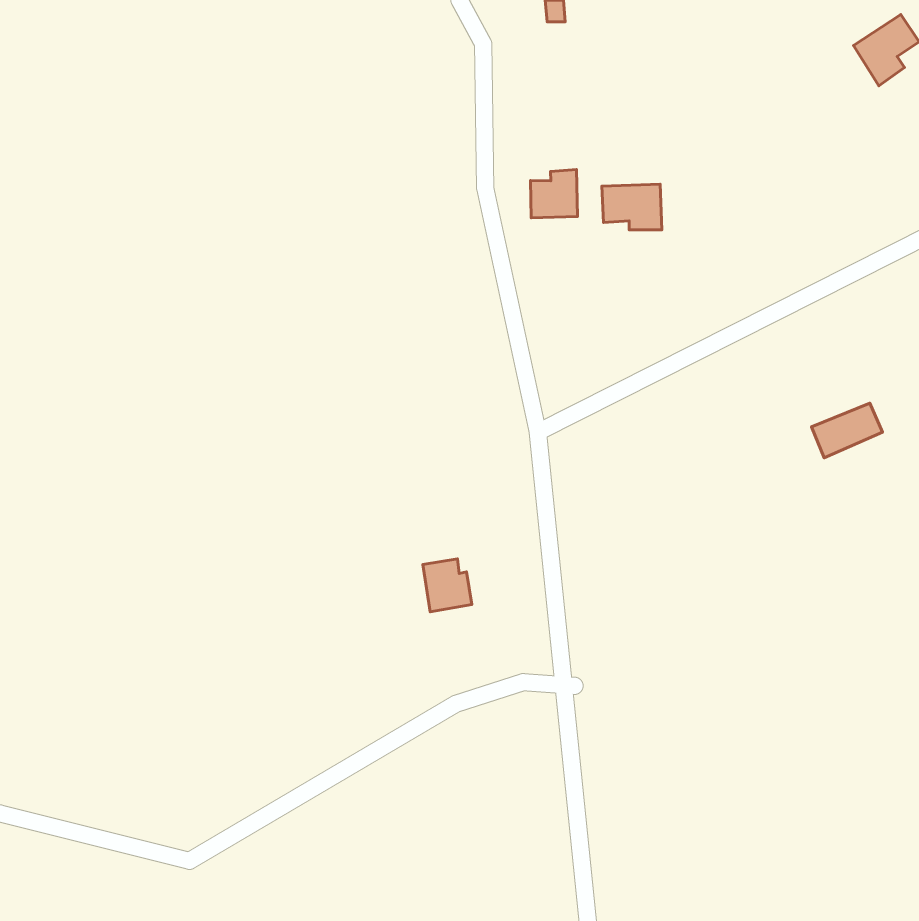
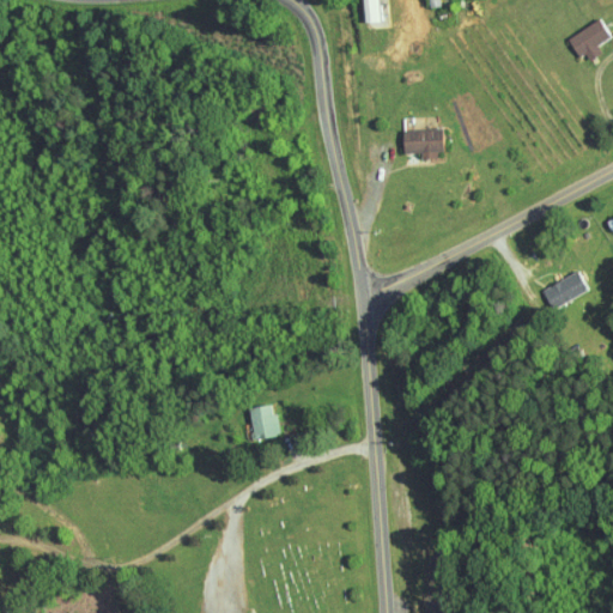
building: [531,170,578,218] -> none
building: [423,559,472,612] -> [249,405,281,439]

